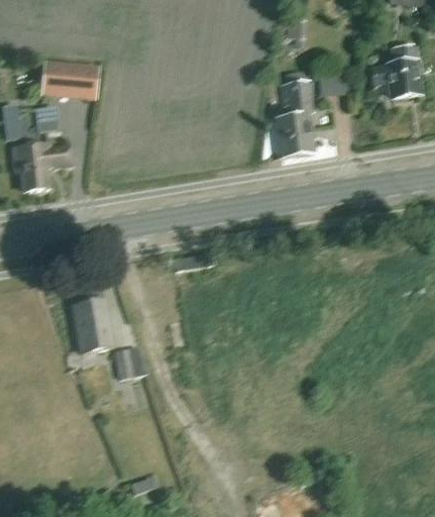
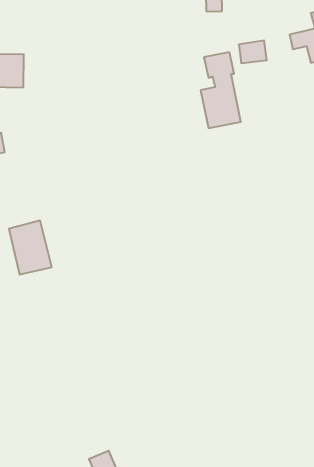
building: [71,299,111,352] -> [9,220,52,275]
building: [115,346,147,379] -> none

